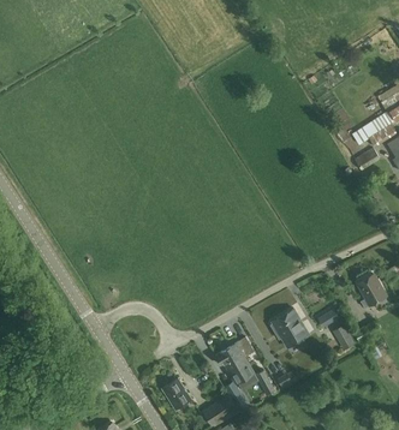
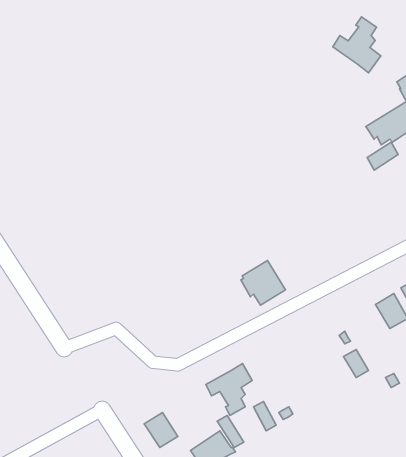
building: none -> [333,17,381,73]
building: [269,307,308,346] -> [241,260,286,305]

